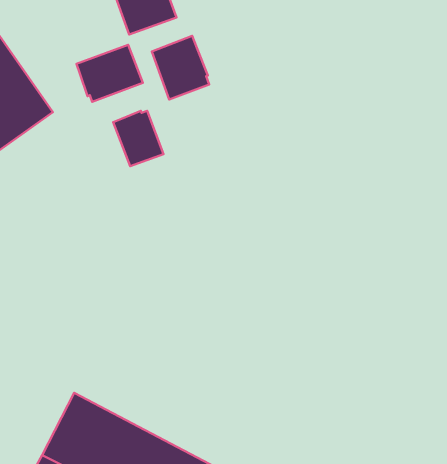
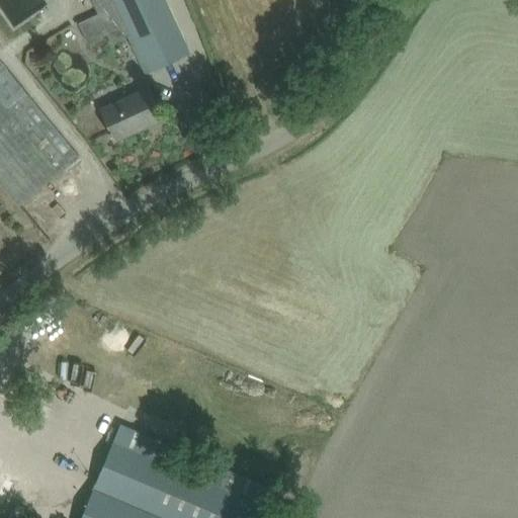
building: [152,36,209,99] -> none
building: [113,111,163,166] -> none

